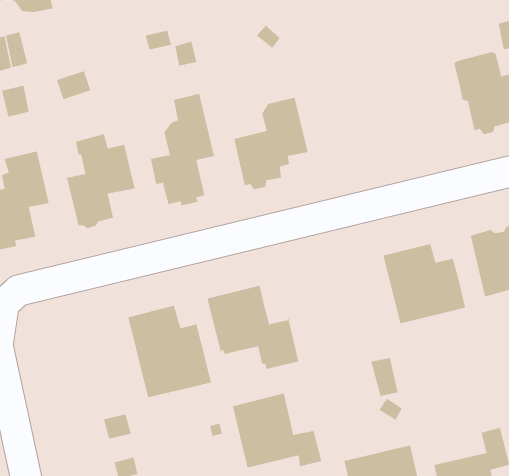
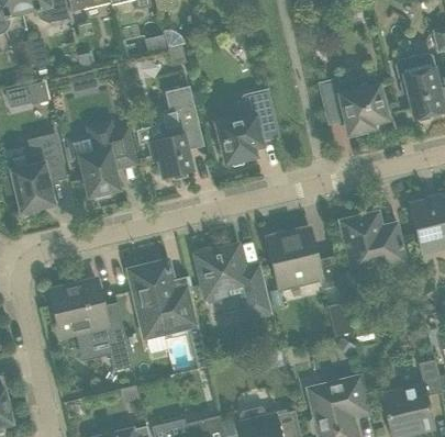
building: none -> [320,79,387,134]
building: none -> [51,280,125,341]
building: [232,393,322,468] -> [267,226,341,288]

